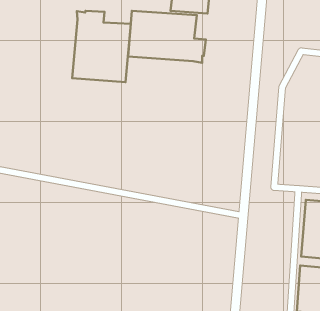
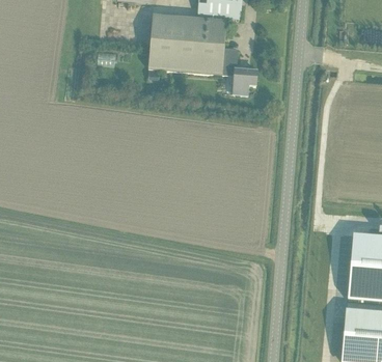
building: [72,11,131,82] -> none
building: none -> [233,65,257,91]

